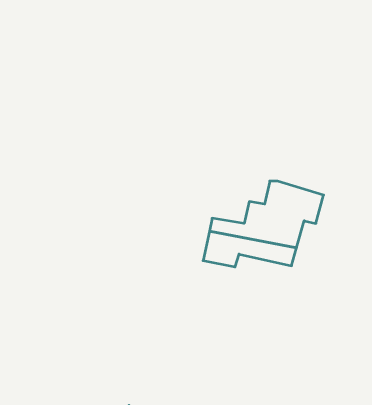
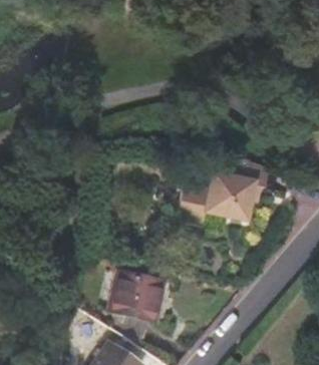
building: none -> [111,270,165,320]

